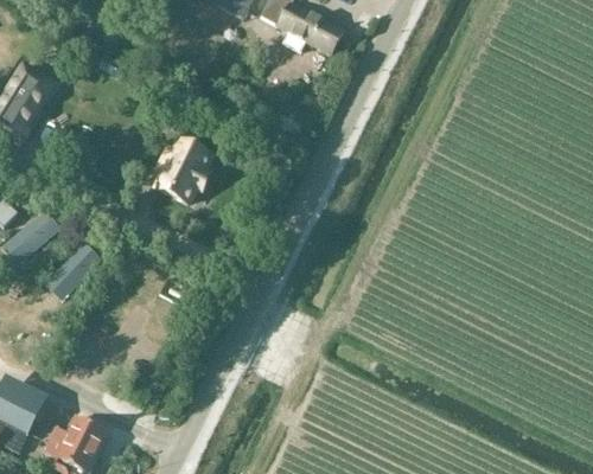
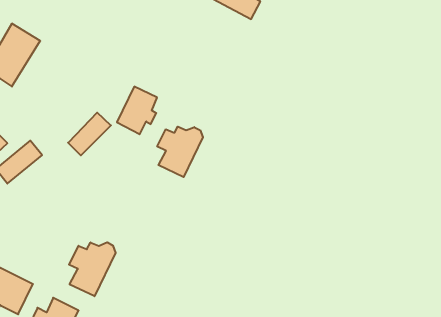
building: none -> [157,127,203,177]
building: [45,243,101,299] -> [68,113,111,155]
building: none -> [69,242,116,296]

